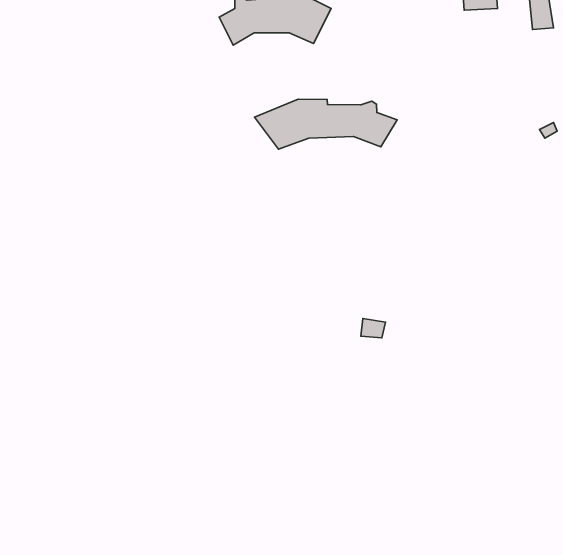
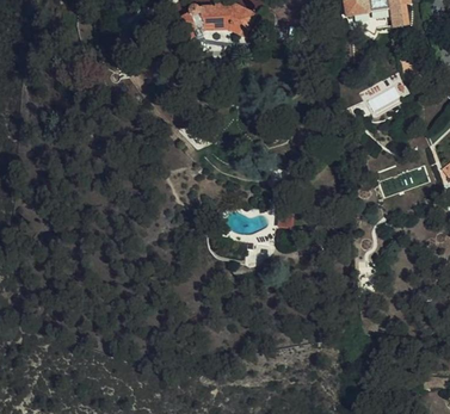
building: [254,99,397,149] -> none

